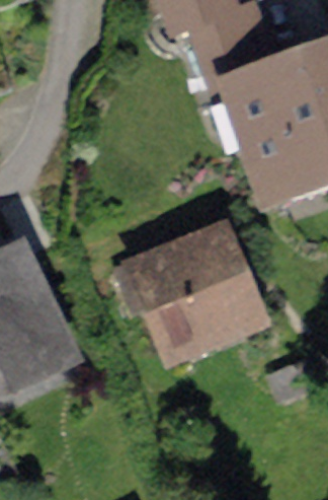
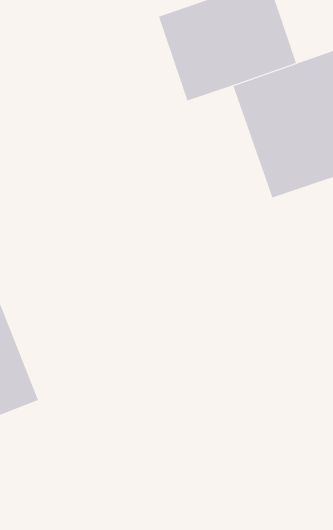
building: [136,223,252,335] -> none

